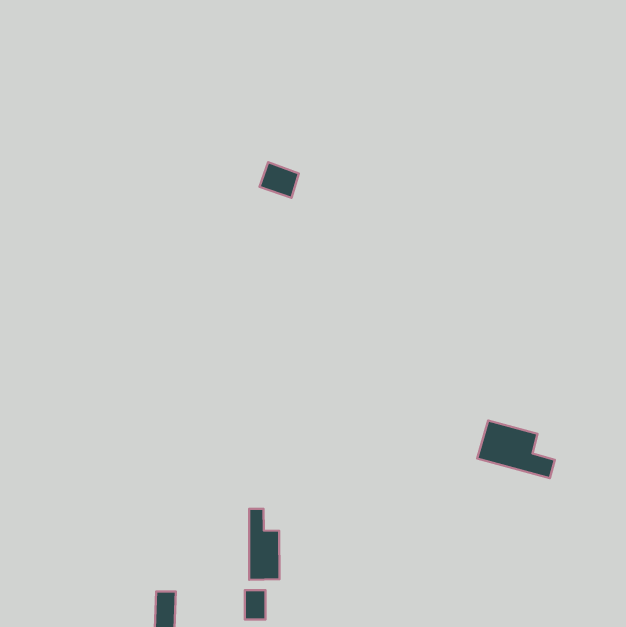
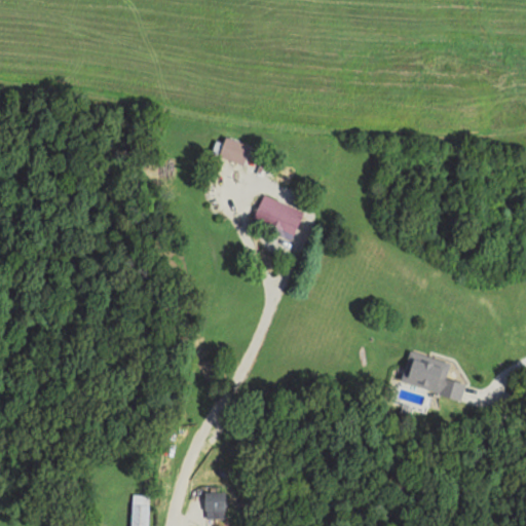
building: none -> [252,194,304,240]
building: [249,509,279,580] -> none

